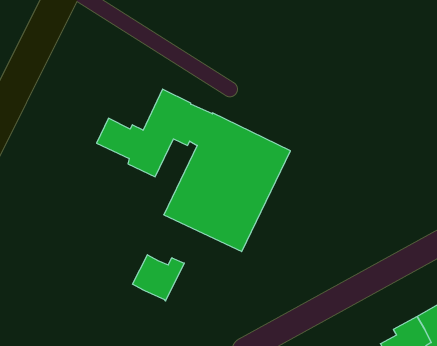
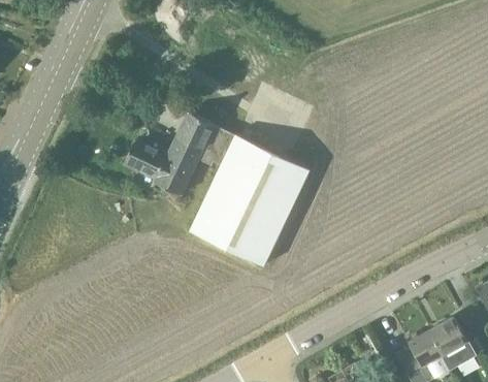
building: [133,255,184,301] -> none

